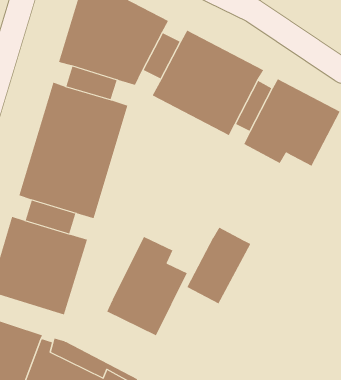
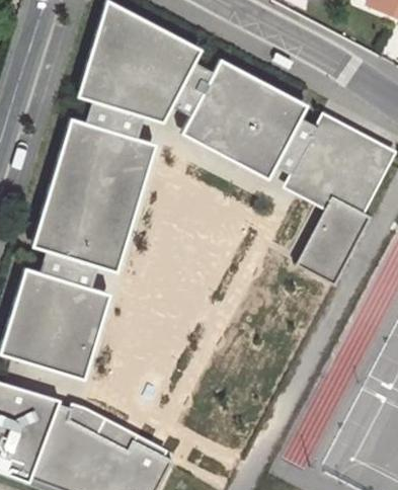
building: [186,227,251,304] -> [298,197,371,284]
building: [106,236,187,336] -> none

